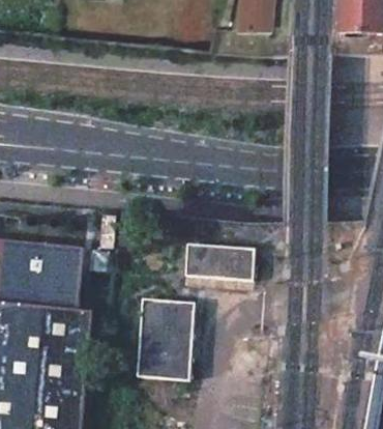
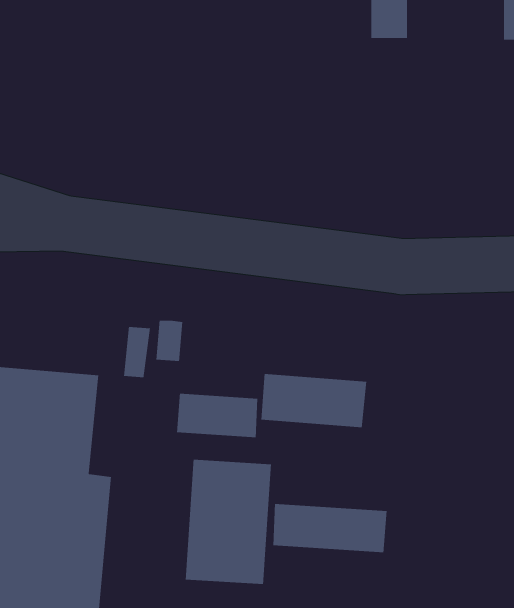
building: none -> [176,393,258,438]
building: none -> [273,503,387,553]

